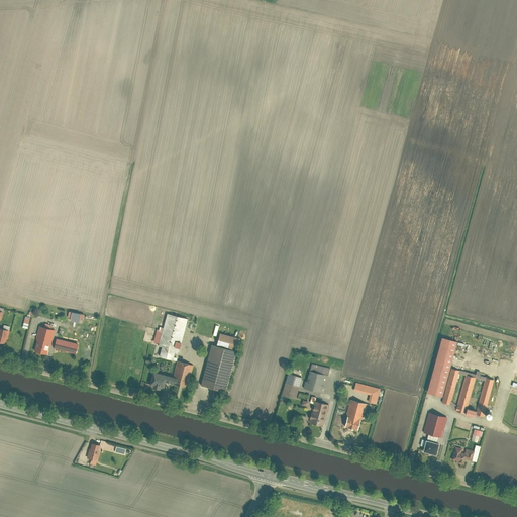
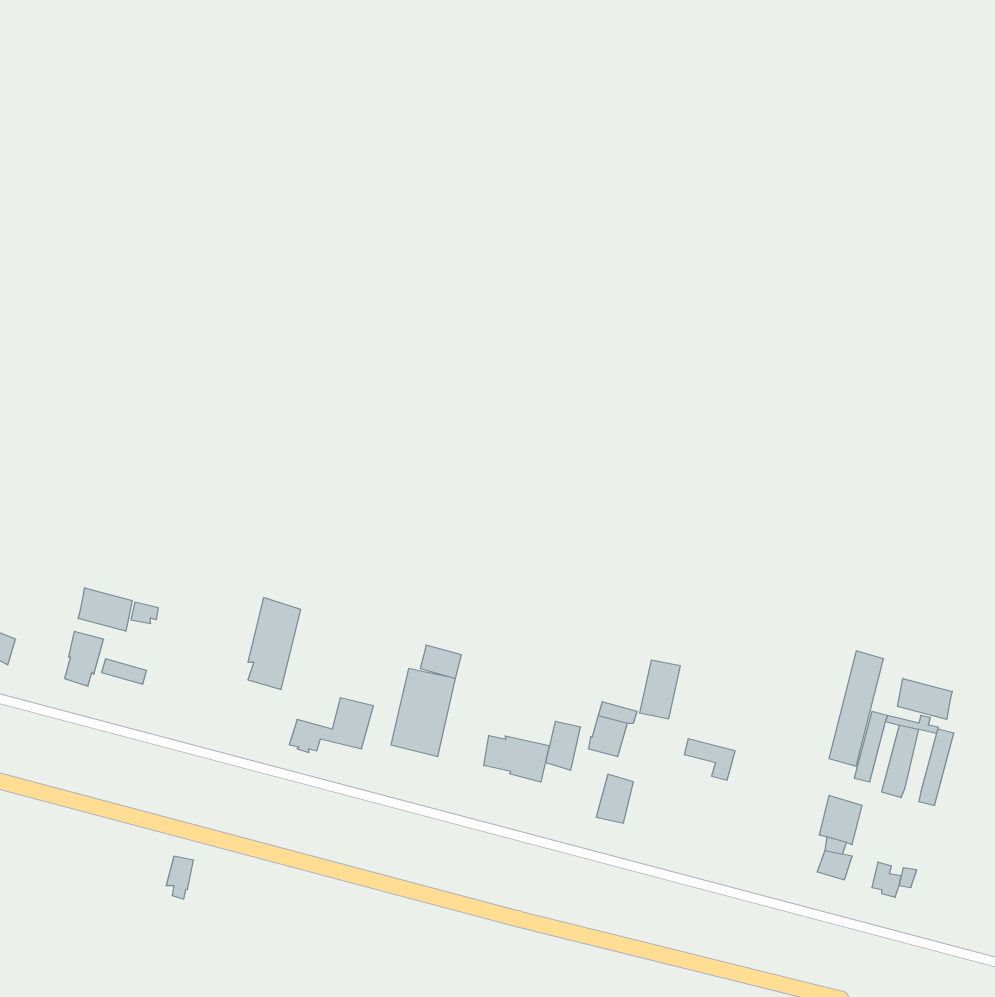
building: none -> [78,588,132,631]
building: [159,314,186,361] -> [248,598,301,689]
building: none -> [897,678,952,719]
building: none -> [484,735,549,782]
building: [343,400,365,430] -> [639,660,680,719]

